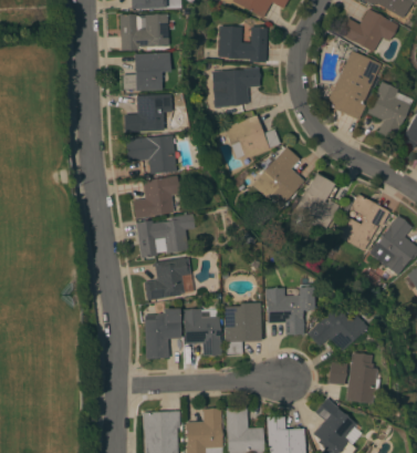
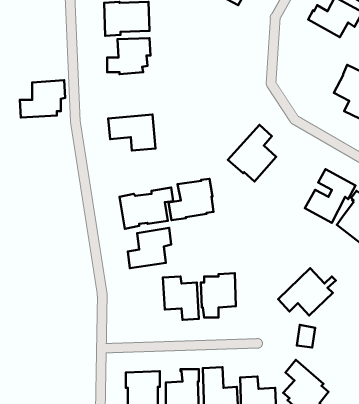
building: [219,25,268,63] -> none
building: [320,45,380,120] -> none
building: [213,68,260,107] -> none
building: [123,93,171,133] -> [20,80,65,117]
building: [225,115,280,158] -> none
building: [294,173,340,230] -> none
building: [132,175,180,219] -> [168,179,214,220]
building: [264,285,312,334] -> none
building: [144,308,181,359] -> none
building: [344,353,378,404] -> none

